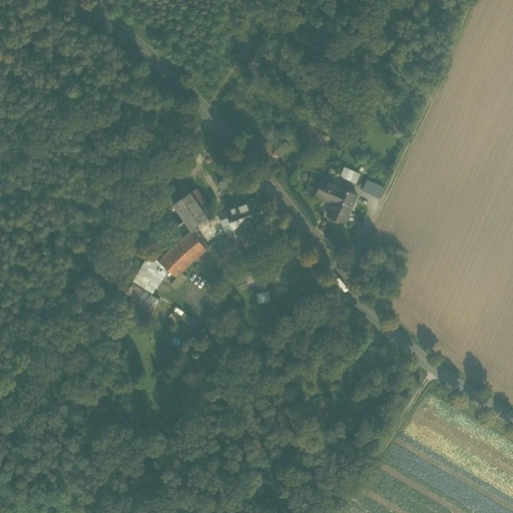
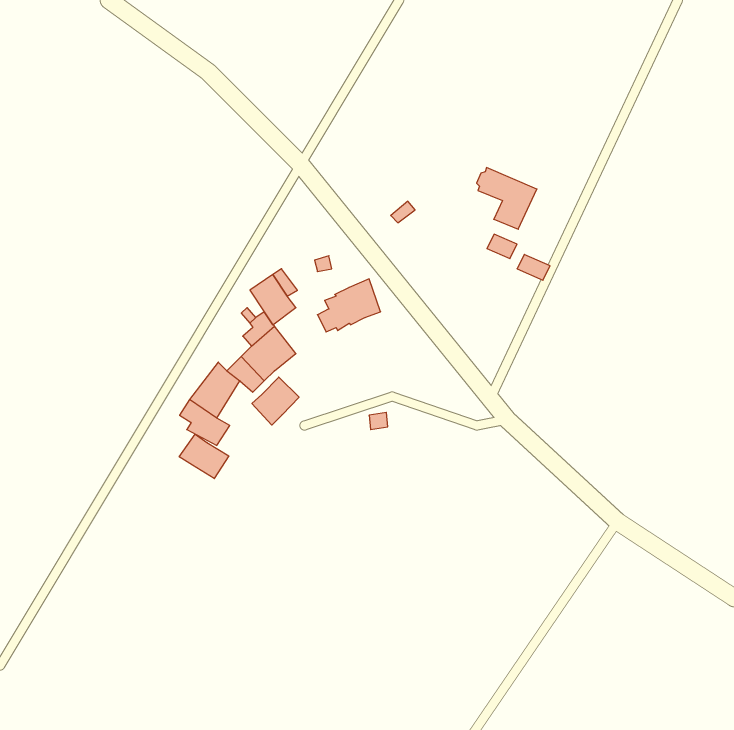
building: [315,179,357,222] -> [477,168,537,229]
building: none -> [252,377,299,425]
building: none -> [179,434,229,479]

